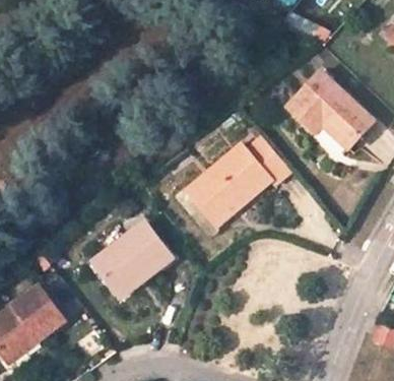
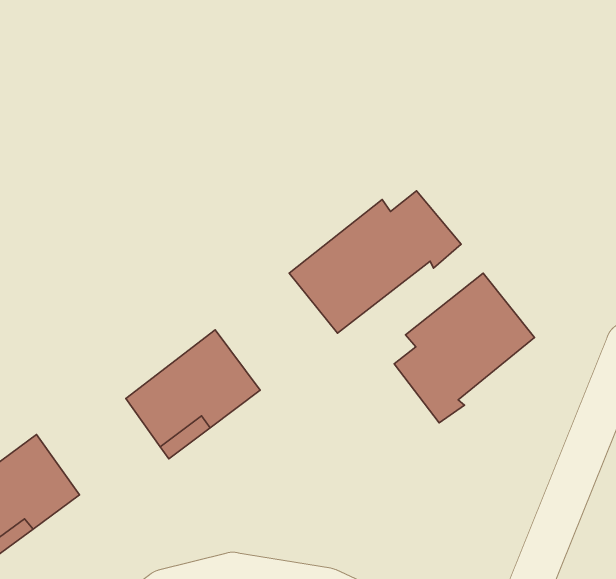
building: [288,72,375,150] -> none
building: none -> [394,273,534,423]

